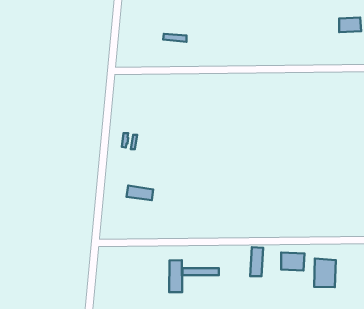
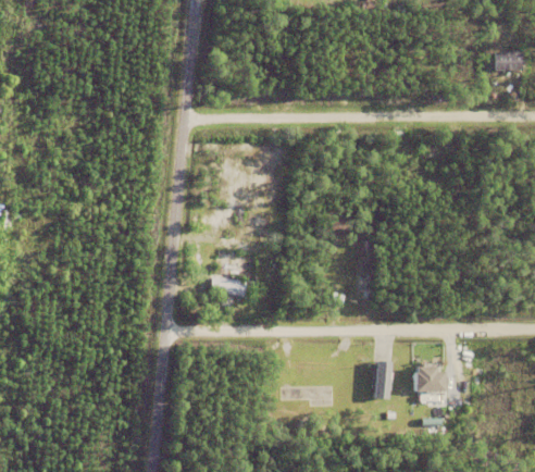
building: [314,259,336,287] -> none
building: [169,260,182,292] -> none

